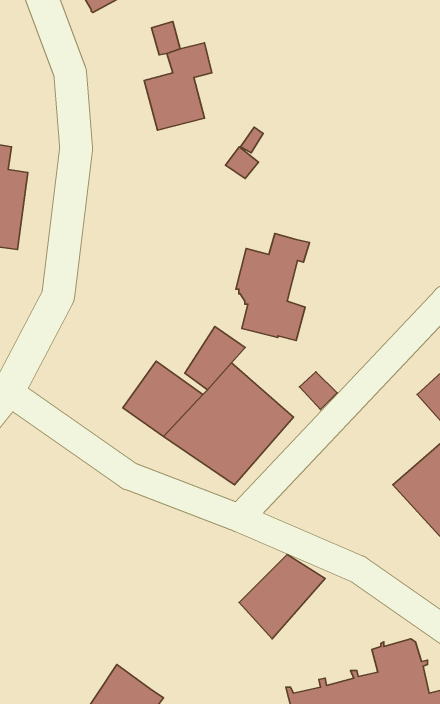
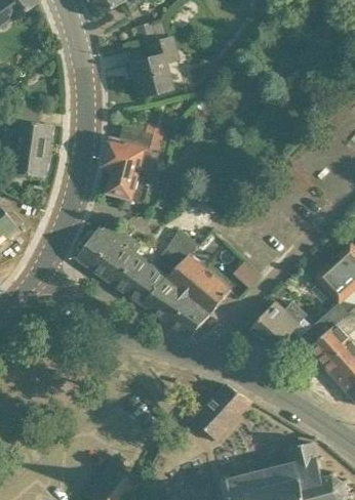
building: [236,233,310,340] -> [105,129,155,202]
building: none -> [78,219,139,286]
building: none -> [251,302,301,351]

